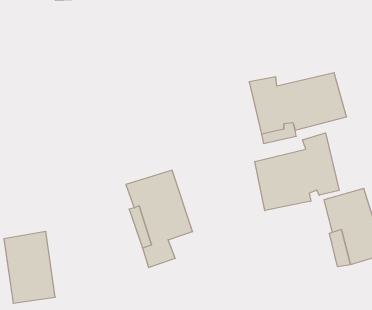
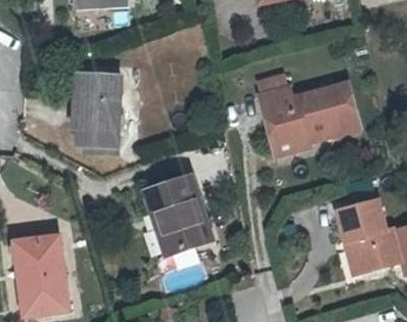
building: none -> [70,76,117,154]
building: [255,133,339,211] -> none

